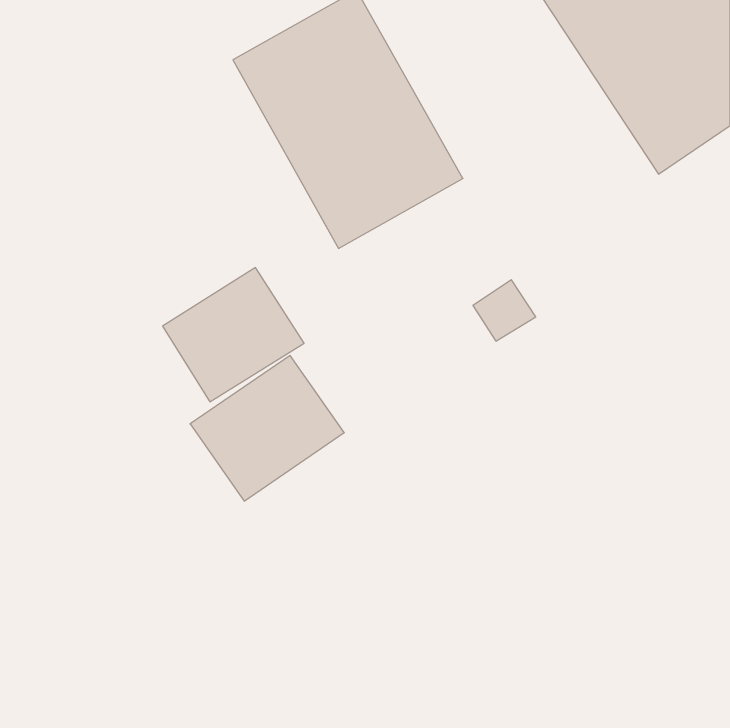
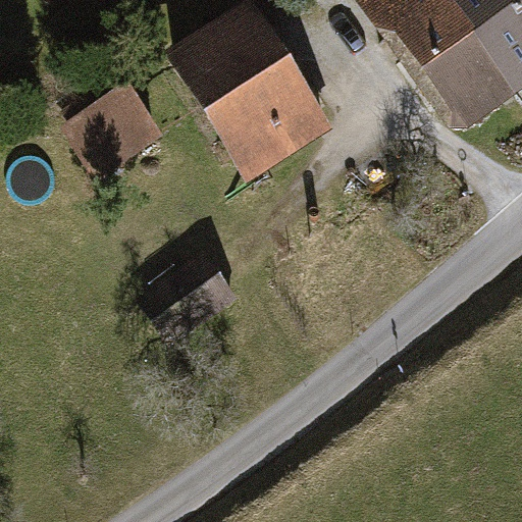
building: [163,268,304,402] -> [64,95,165,191]

